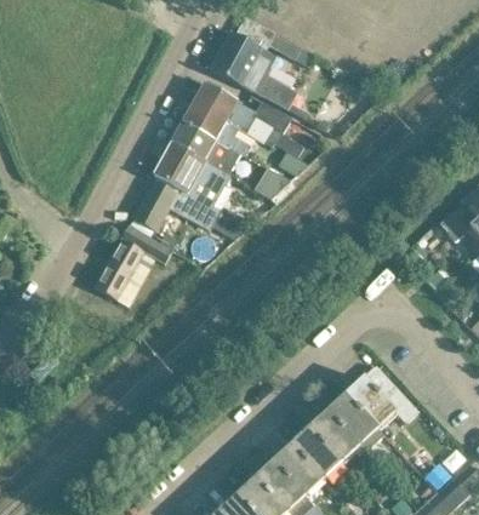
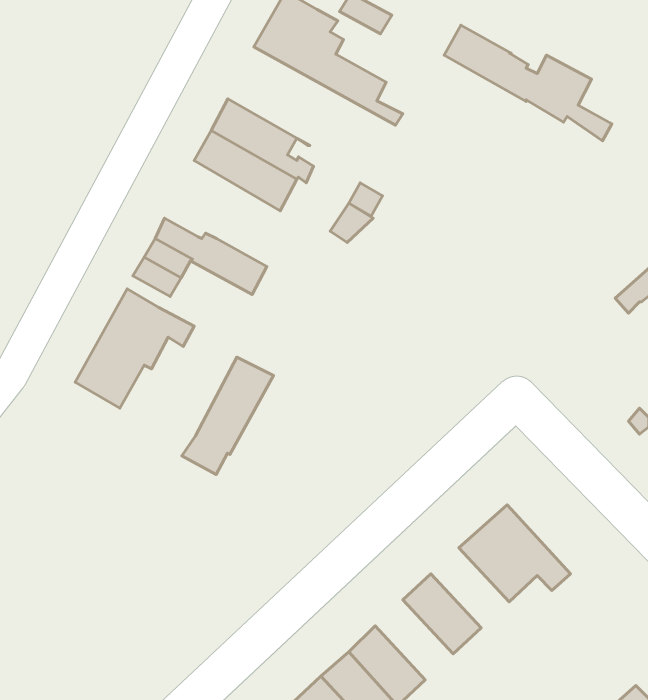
building: [194,81,303,156] -> [444,25,612,141]
building: [154,141,228,205] -> none
building: none -> [182,357,274,475]
building: [326,393,377,445] -> none
building: [290,427,341,479] -> none

